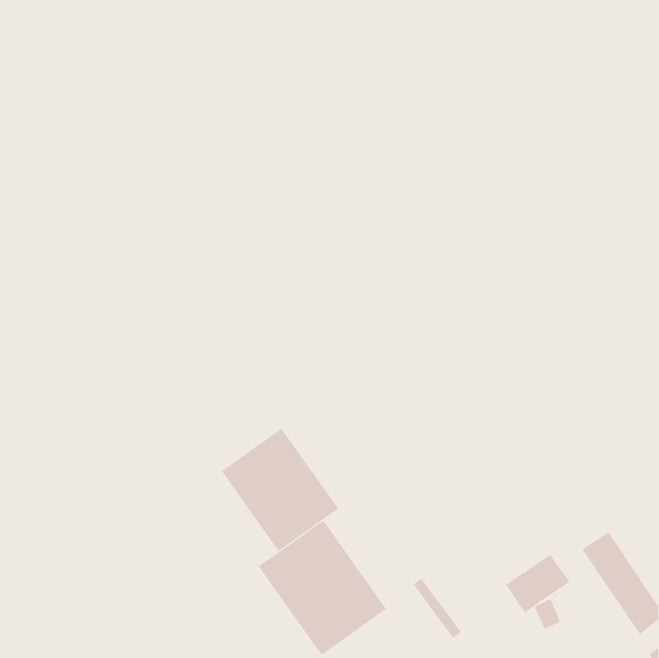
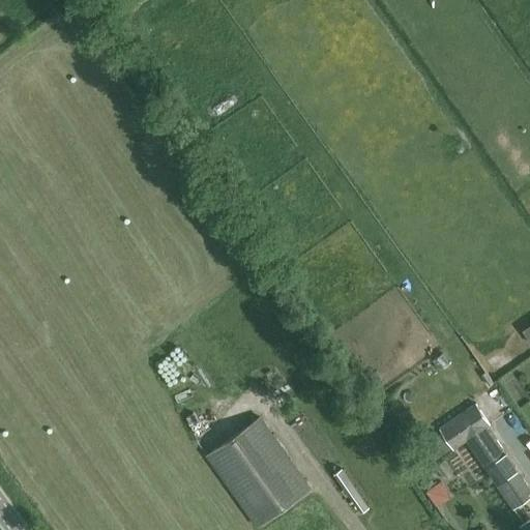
building: [221,428,339,552] -> none
building: [505,554,570,613] -> [439,404,491,451]

